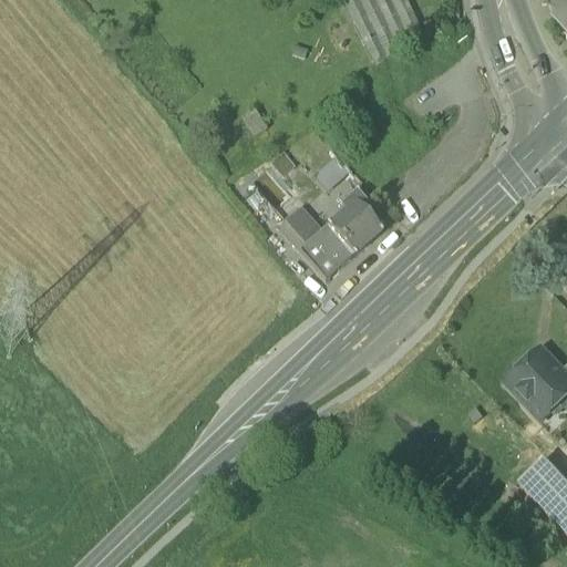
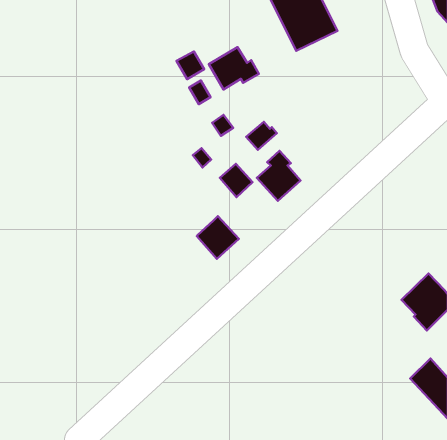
building: none -> [209,47,259,89]
building: none -> [176,51,204,79]
building: [299,225,352,279] -> [197,216,239,259]

